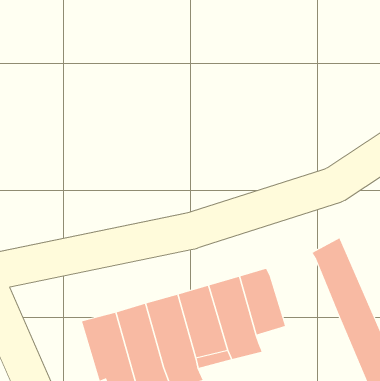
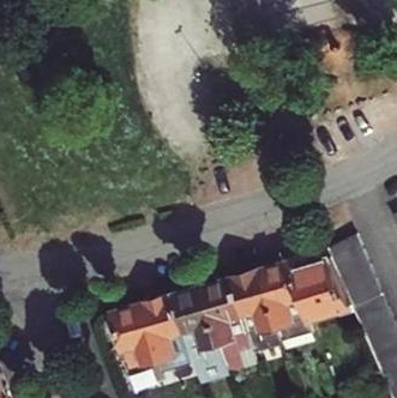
building: none -> [289,255,351,320]

